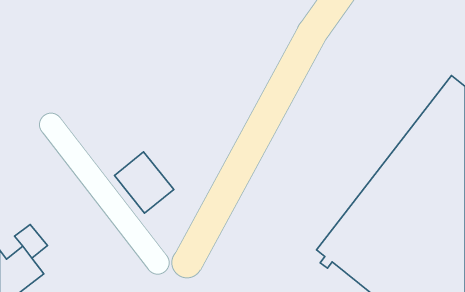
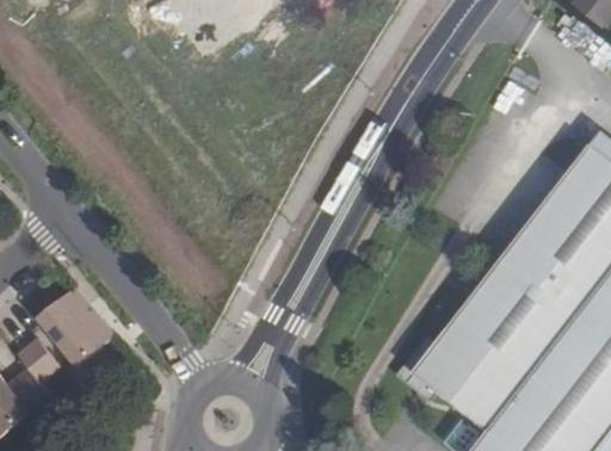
building: [114,152,174,213] -> [38,285,116,365]

